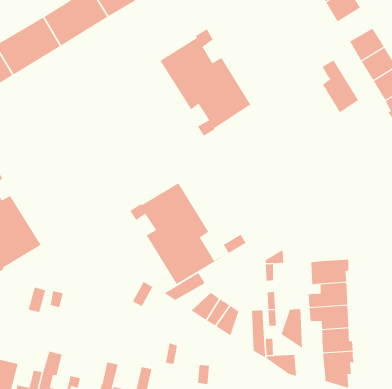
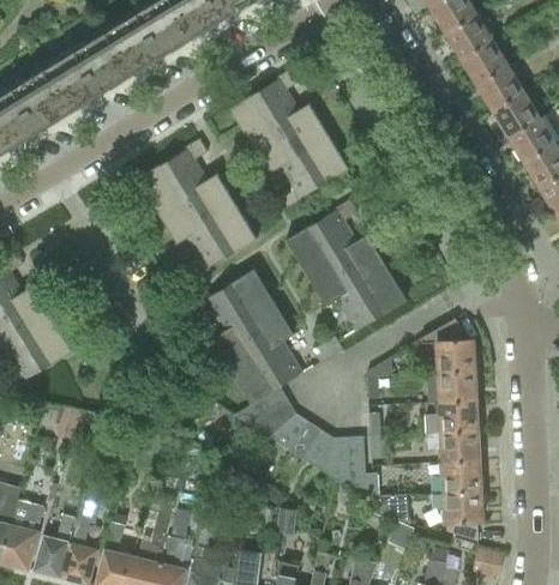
building: none -> [462,41,509,85]
building: [322,59,359,113] -> none
building: none -> [137,139,258,279]
building: none -> [285,200,407,338]
building: none -> [420,319,477,373]
building: none -> [250,402,296,438]
building: [281,309,303,349] -> [323,438,351,490]

